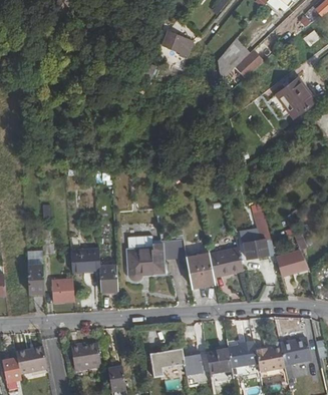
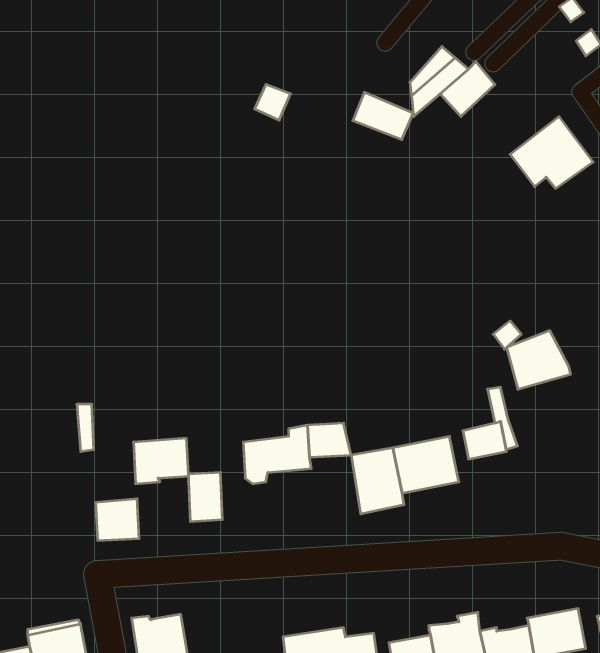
building: [161,29,194,54] -> [353,92,413,140]
building: [276,249,310,280] -> [506,331,571,389]
building: [28,264,45,292] -> none

